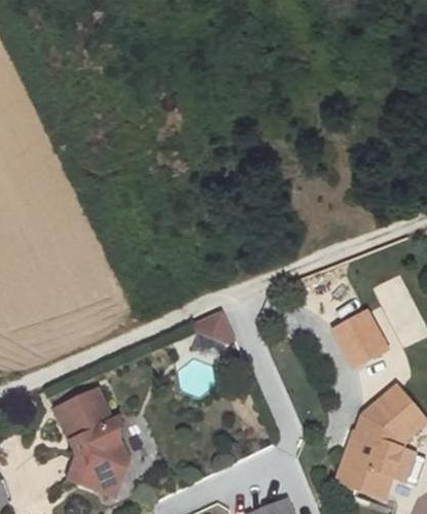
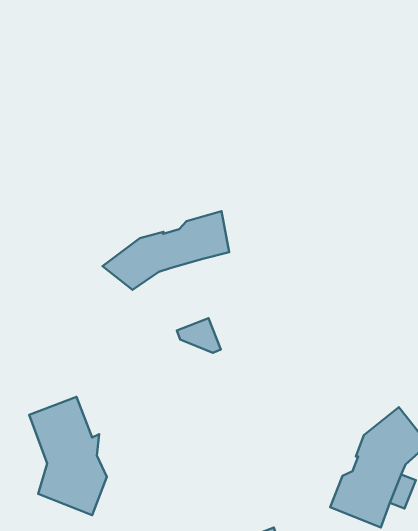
building: none -> [102,211,229,290]
building: [334,315,385,369] -> none

